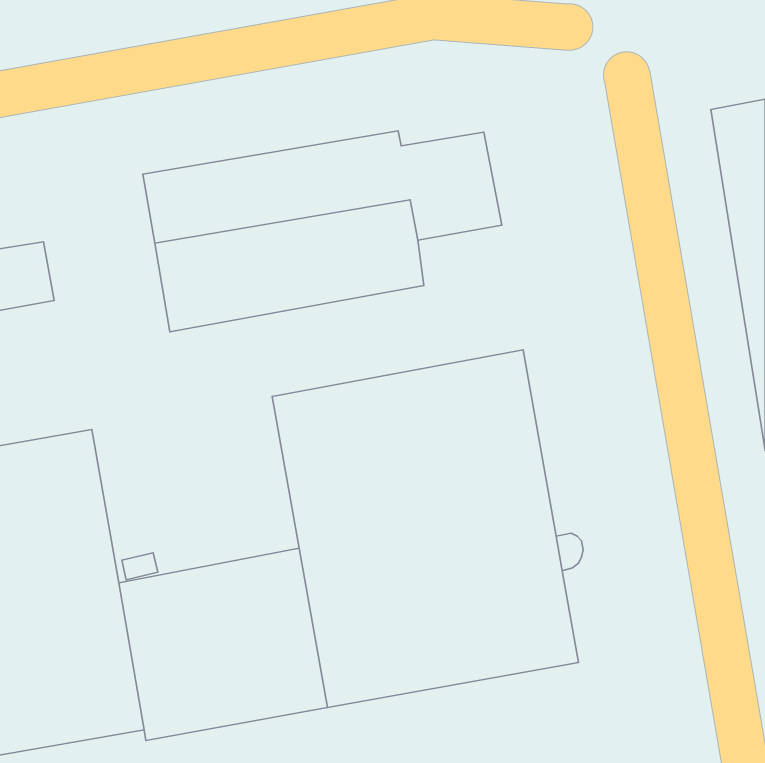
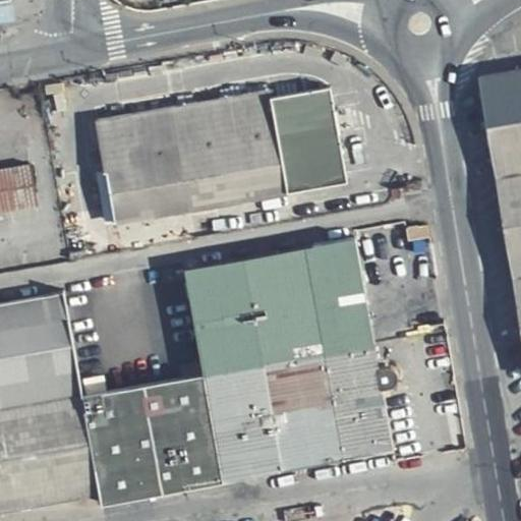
building: none -> [283,156,345,196]

